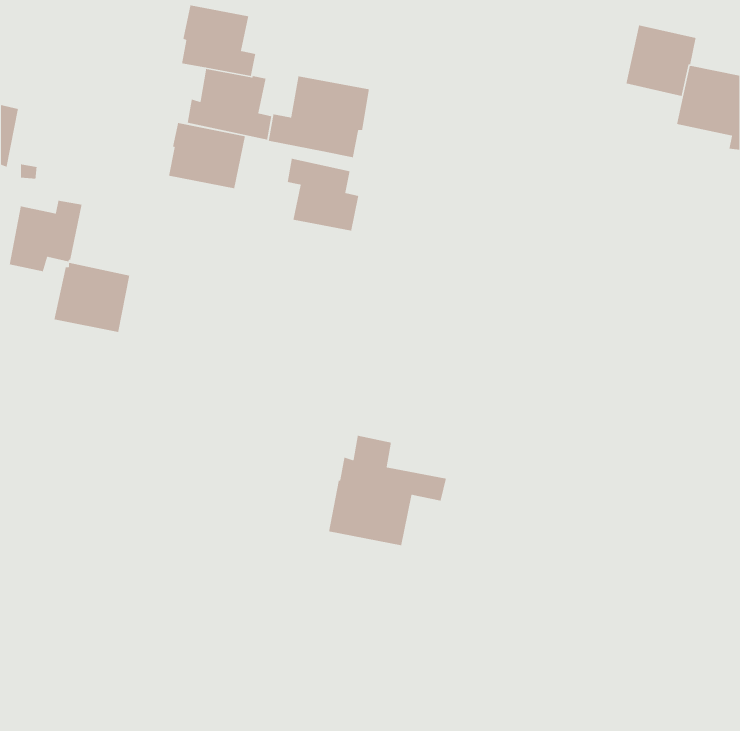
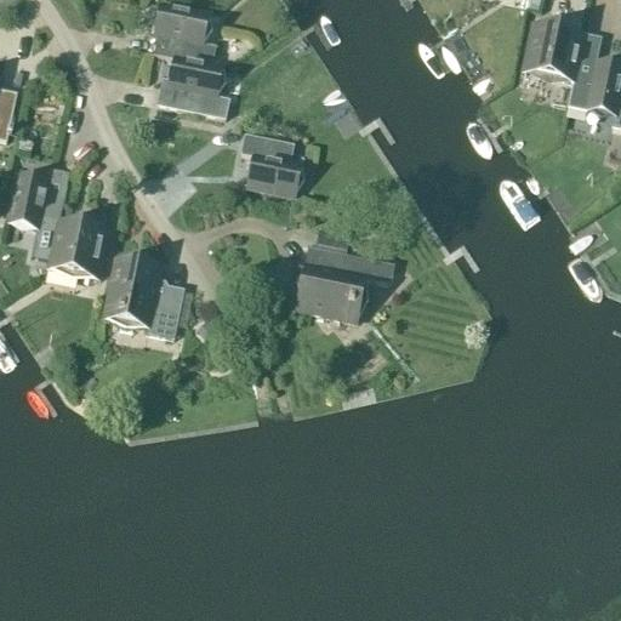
building: [268,75,370,158] -> none
building: [168,122,246,189] -> none
building: none -> [103,256,183,337]
building: [328,435,447,546] -> [295,227,394,320]

